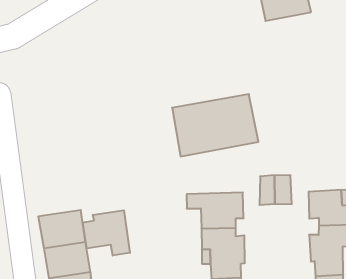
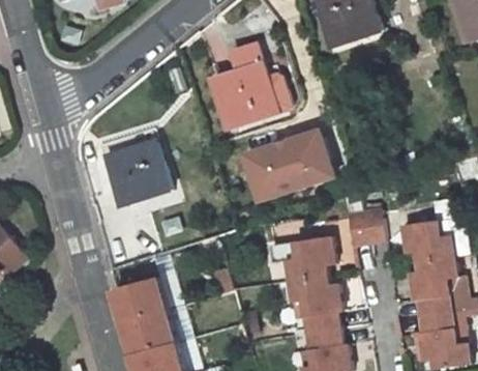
building: none -> [212,44,278,129]
building: none -> [106,141,173,205]
building: [83,210,130,256] -> none

